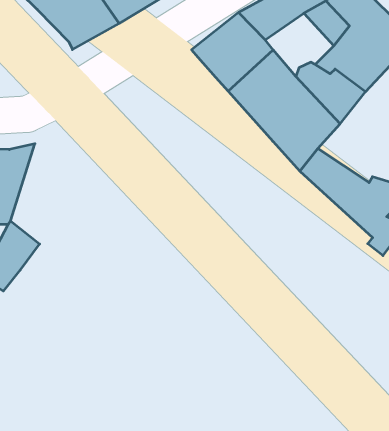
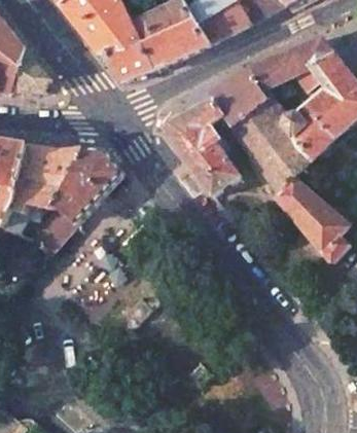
building: none -> [165,98,238,196]
building: none -> [57,148,122,223]

